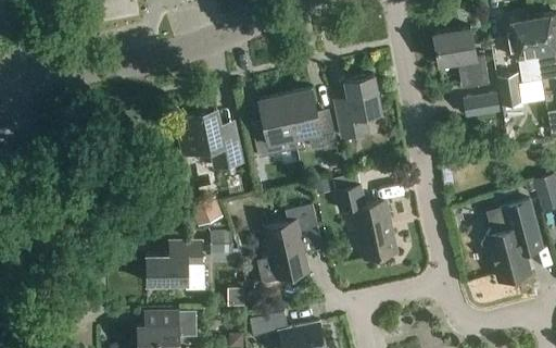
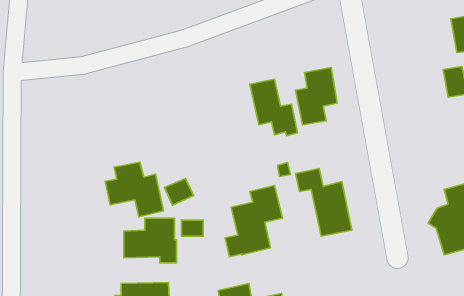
building: [433,28,486,87] -> none
building: [253,94,294,164] -> none
building: [464,94,501,117] -> none
building: [178,109,242,169] -> [105,162,164,217]

